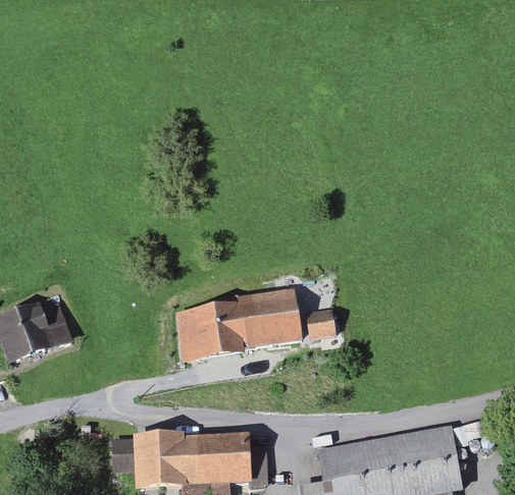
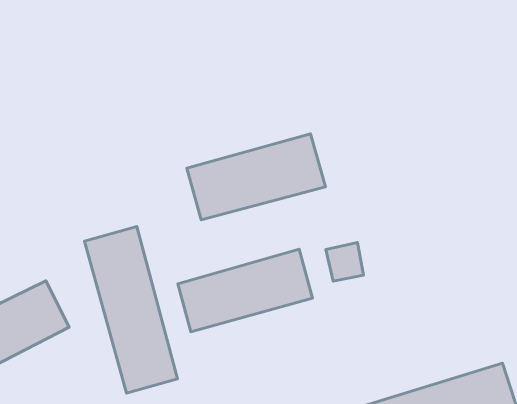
building: none -> [187,134,325,220]
building: none -> [84,226,178,393]

